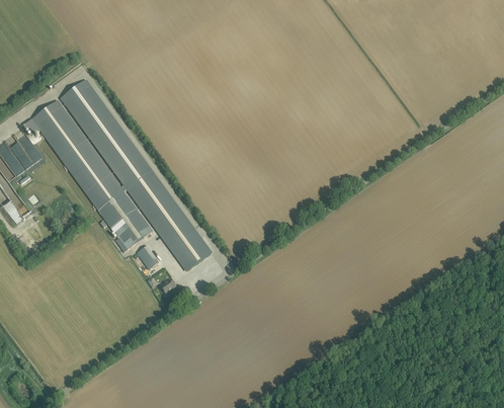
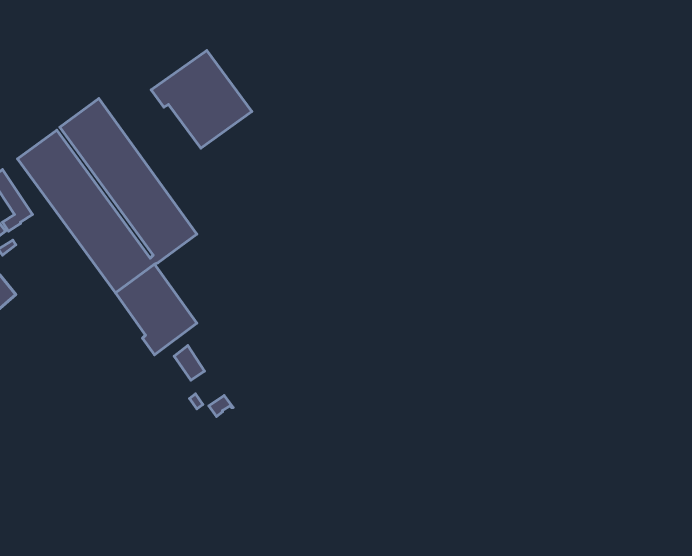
building: none -> [151,50,252,148]
building: [125,169,212,270] -> none

